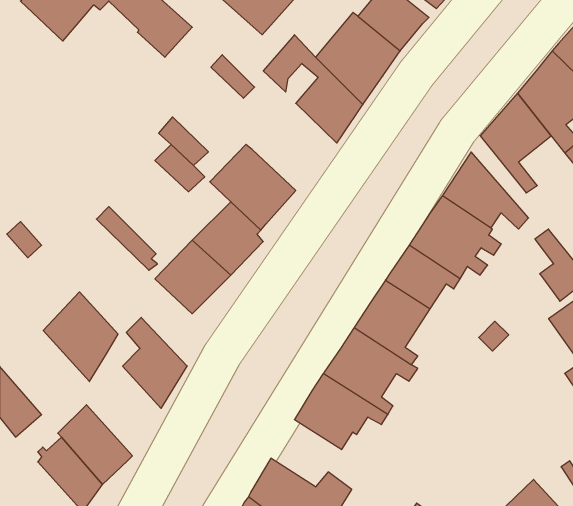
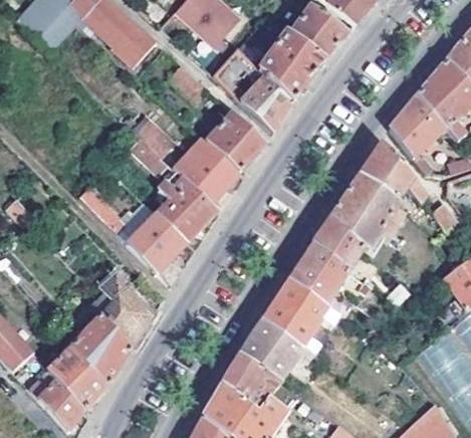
building: none -> [205,111,265,172]
building: [43,292,118,382] -> [71,313,132,386]
building: none -> [220,357,289,413]

